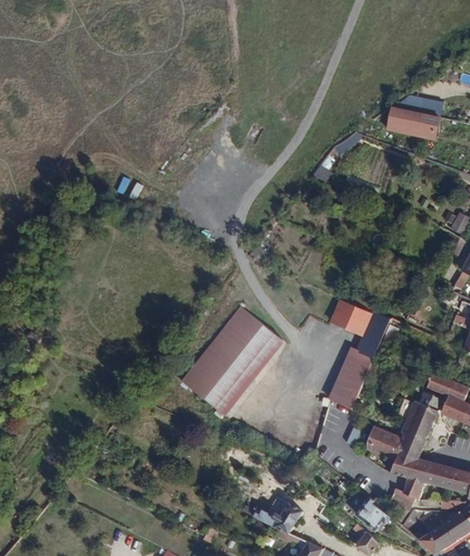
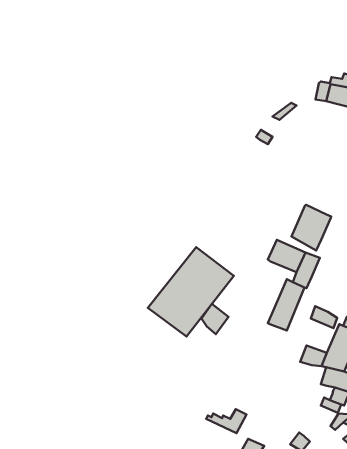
building: none -> [292,205,331,251]
building: none -> [201,304,229,334]
building: none -> [311,306,337,328]
building: [357,495,390,529] -> none

